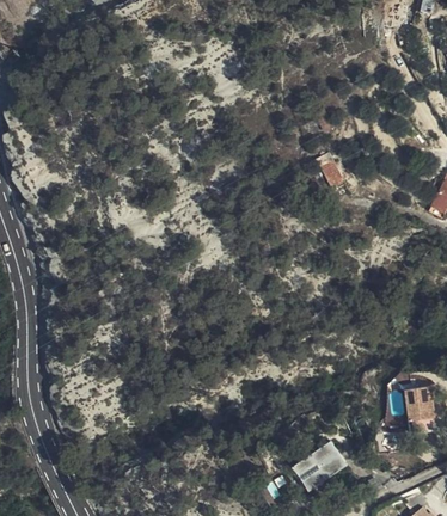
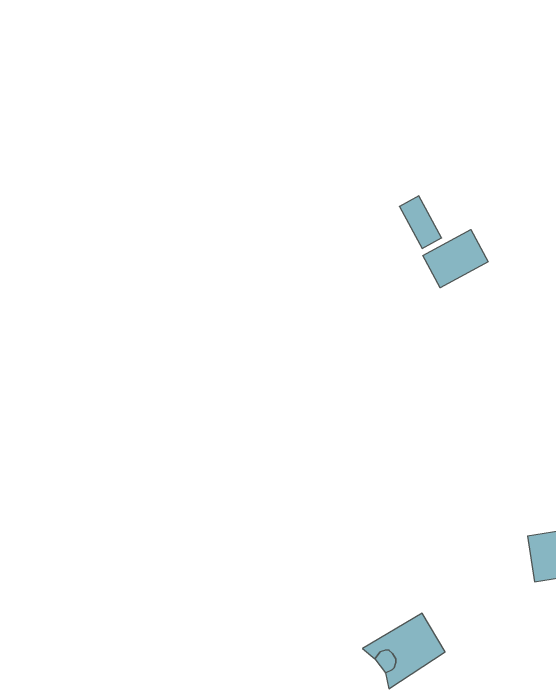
building: none -> [423,230,488,288]

